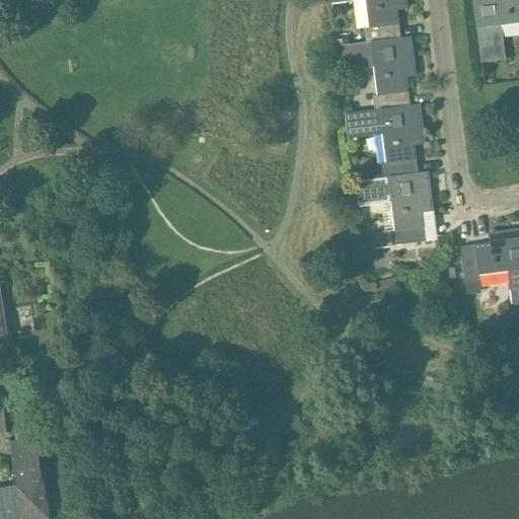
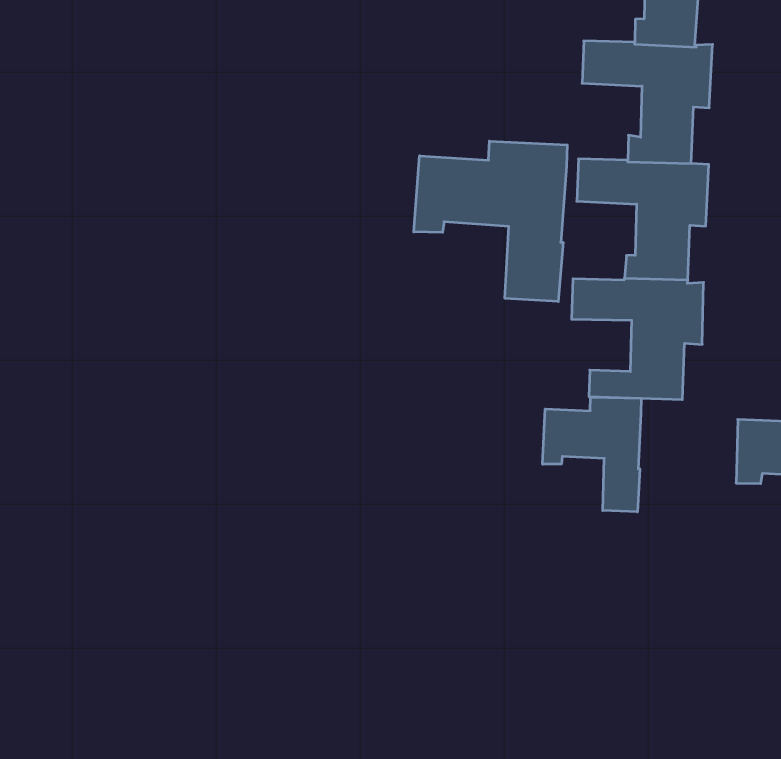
building: none -> [414,141,567,302]
building: none -> [543,397,641,512]

